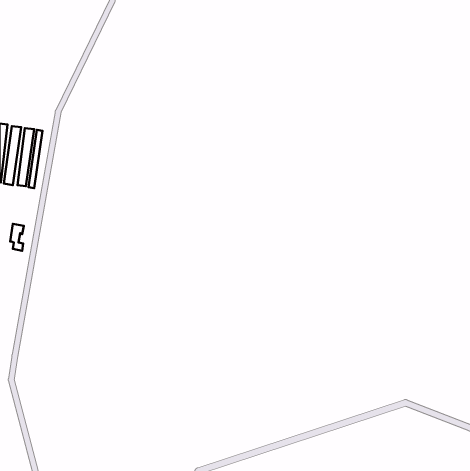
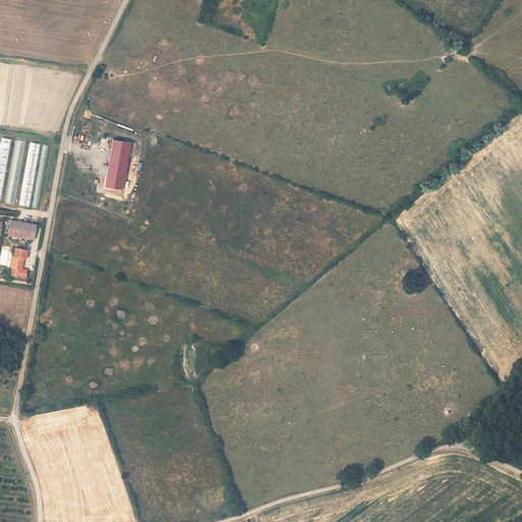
building: none -> [104,140,129,190]
building: none -> [8,220,36,240]

